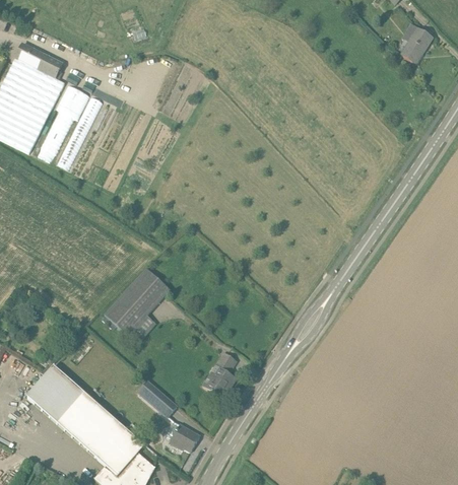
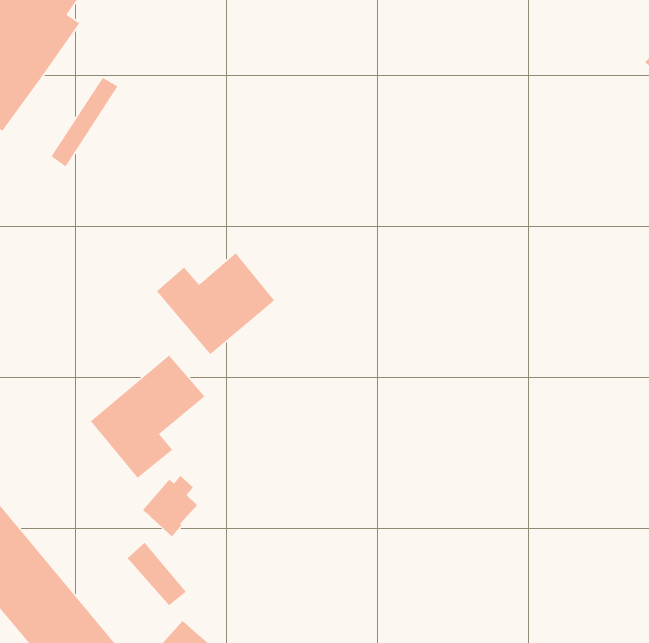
building: [37,84,88,160] -> none
building: none -> [156,252,275,355]
building: [203,361,236,399] -> [142,475,198,537]

